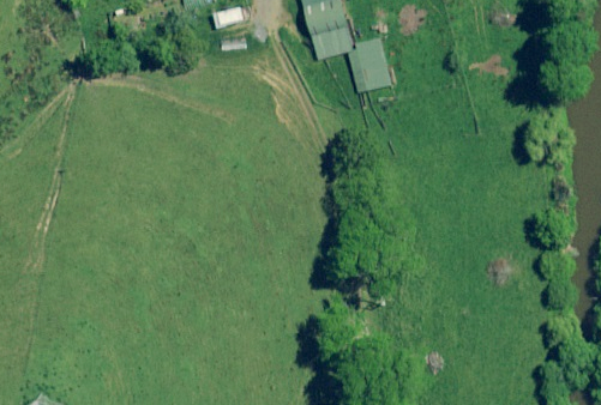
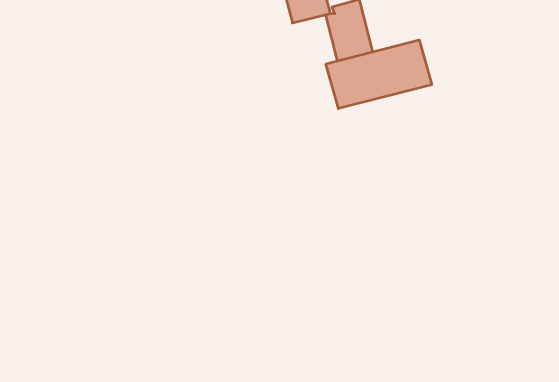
building: none -> [326,40,432,109]

